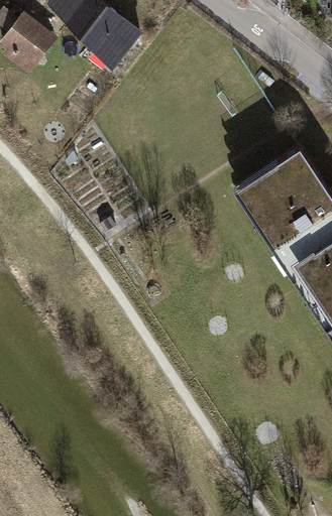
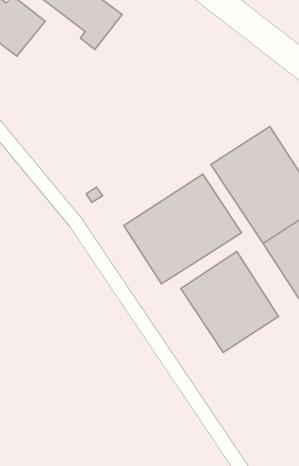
building: none -> [124,174,242,284]
building: none -> [181,252,279,353]

